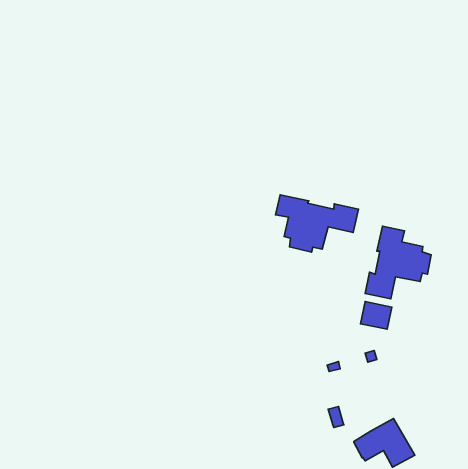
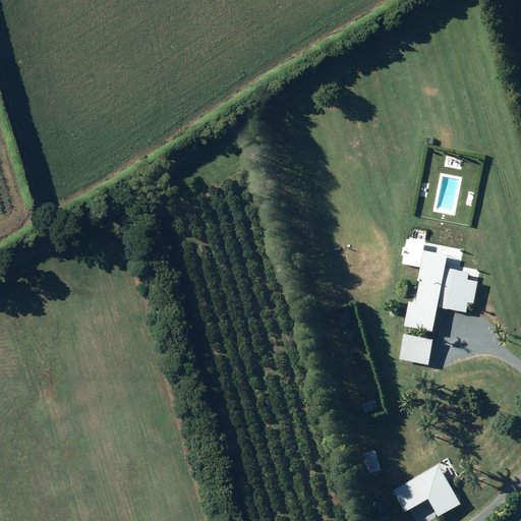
building: [276,195,358,252] -> none

